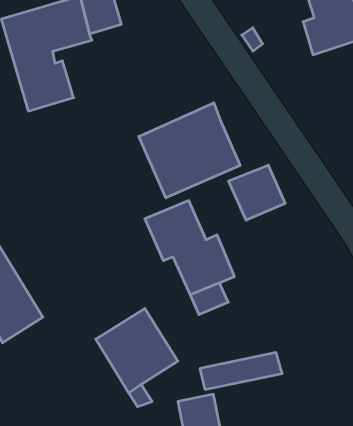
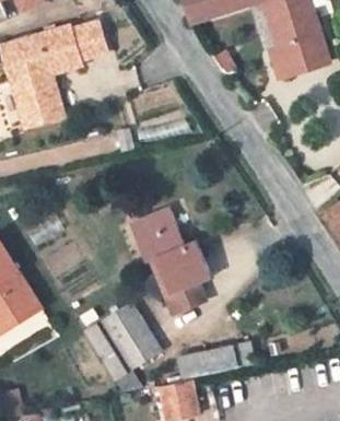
building: [139,103,240,198] -> none
building: [229,165,285,220] -> none

